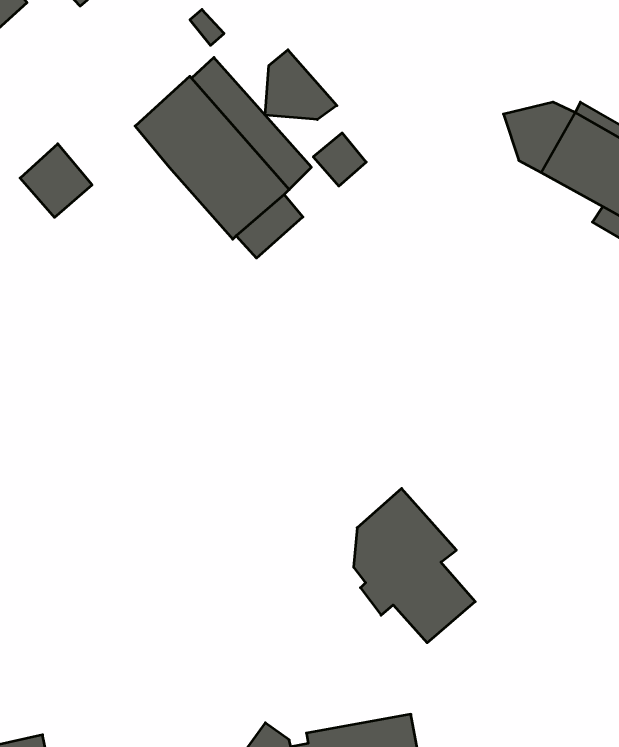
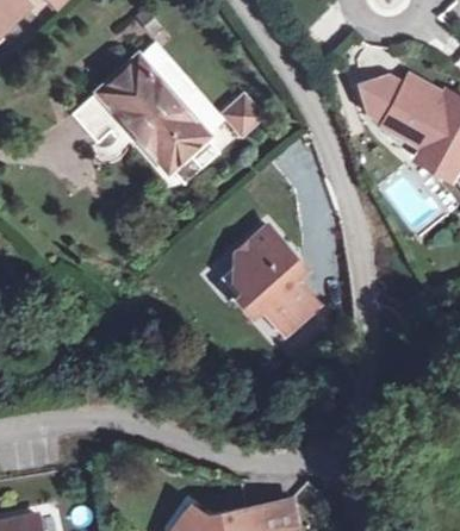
building: [265,50,337,120] -> none
building: [20,144,92,217] -> [72,90,122,142]
building: [354,488,475,643] -> [232,226,317,333]

